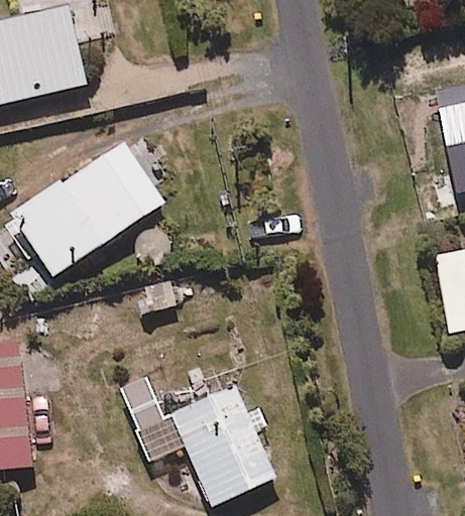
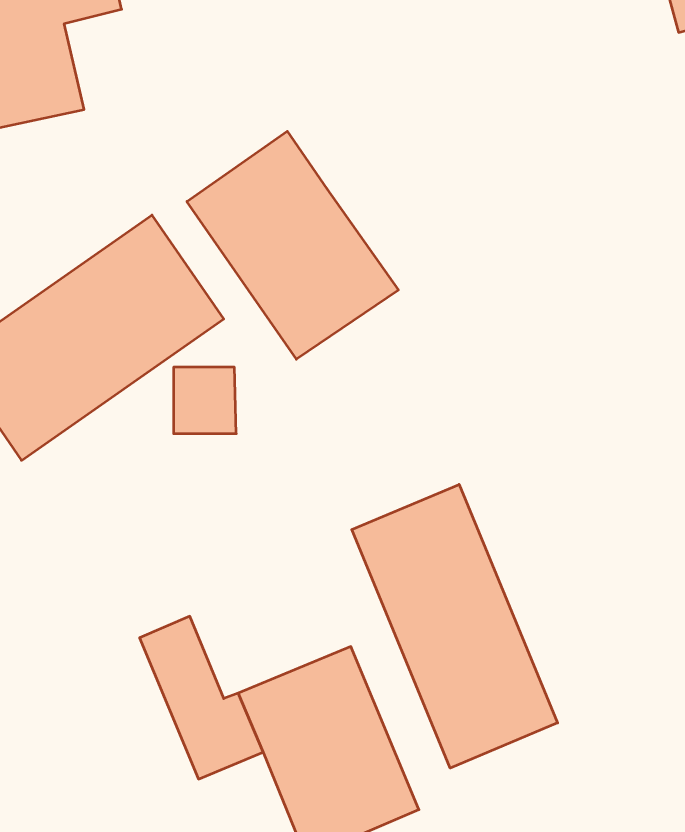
building: none -> [187,131,398,359]
building: none -> [352,484,558,768]

